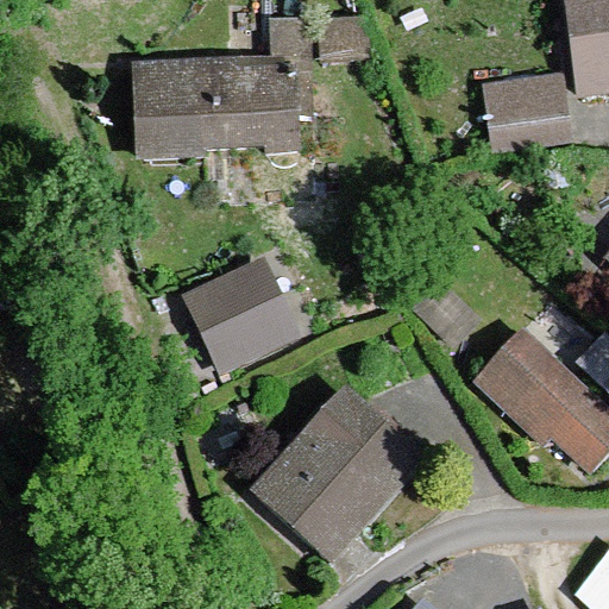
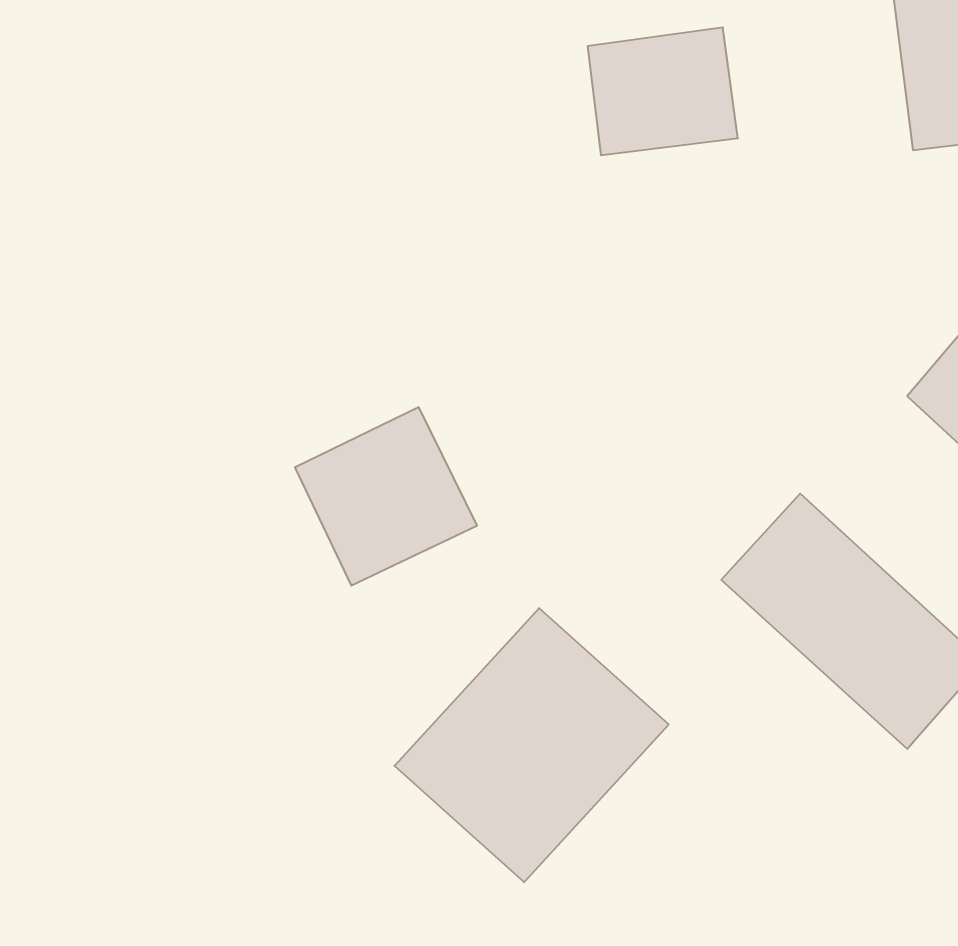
building: [133,58,297,157] -> none
building: [479,69,575,150] -> [588,27,738,155]

